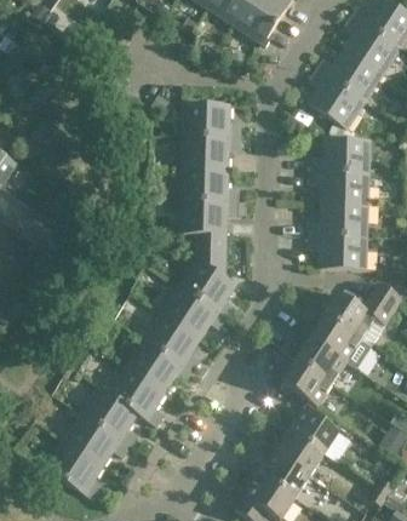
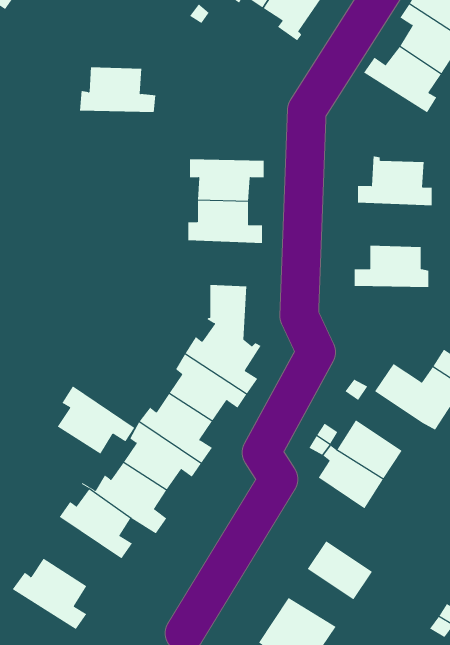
building: [308,70,366,126] -> none
building: [182,103,241,138] -> [79,67,156,112]
building: [310,171,369,205] -> none
building: [179,200,239,235] -> none
building: [309,235,367,270] -> none
building: [310,316,372,368] -> none
building: [287,408,349,460] -> none
building: [69,413,130,466] -> [57,386,135,455]
building: [258,453,309,498] -> none

